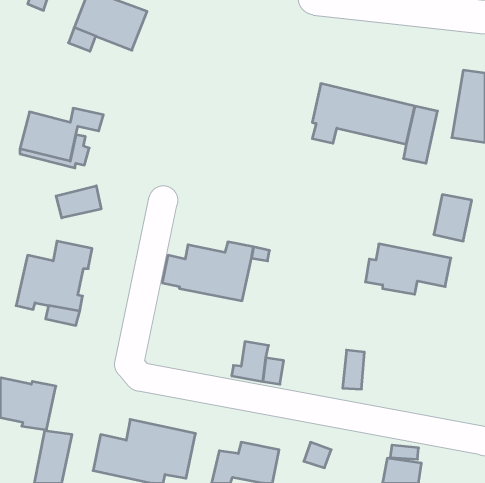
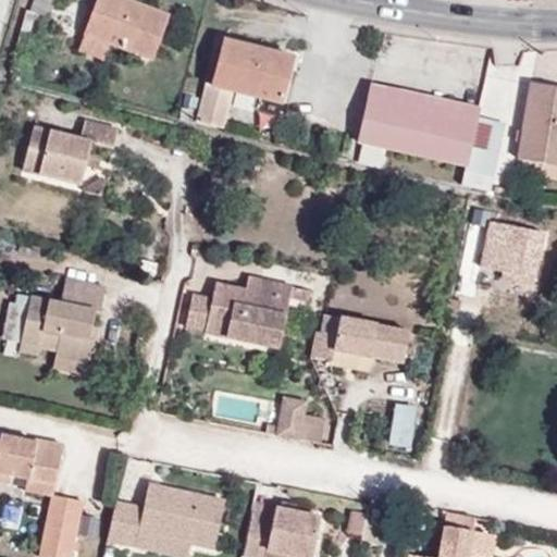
building: none -> [196,37,293,126]
building: [56,186,101,218] -> none
building: [365,244,451,294] -> [311,313,409,371]

